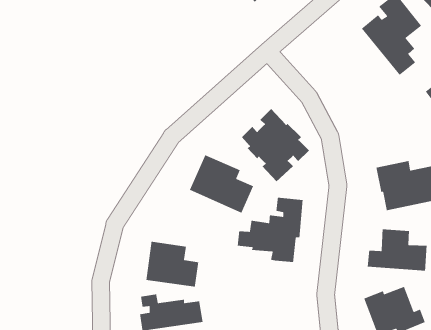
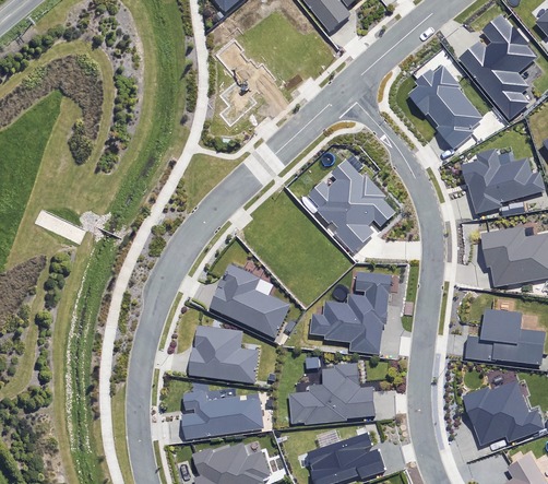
building: none -> [406,63,481,149]
building: none -> [460,146,543,213]
building: [189,154,254,214] -> [207,263,288,338]
building: none -> [289,366,377,425]

